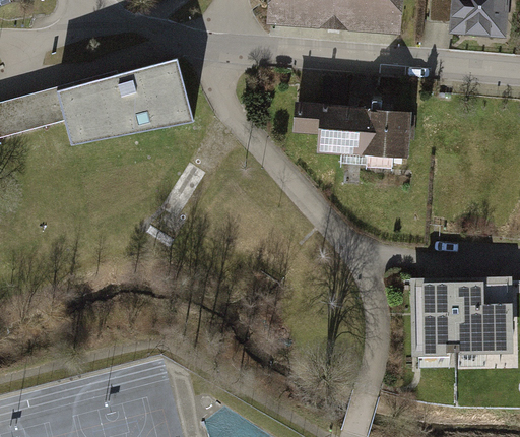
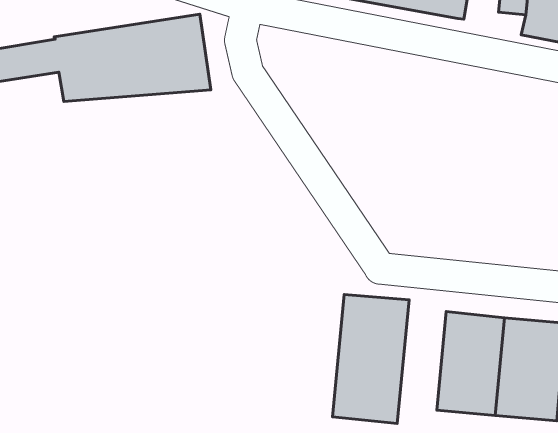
building: [297,74,417,165] -> none
building: none -> [332,294,409,424]

